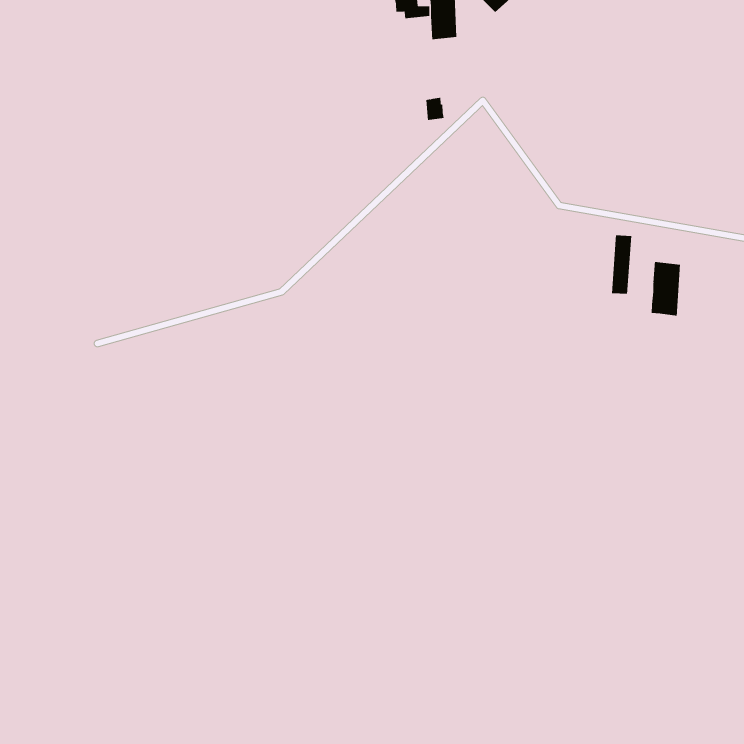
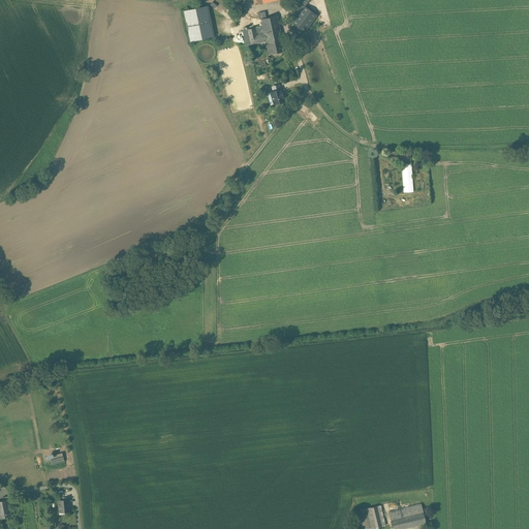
building: [651,261,680,317] -> none

